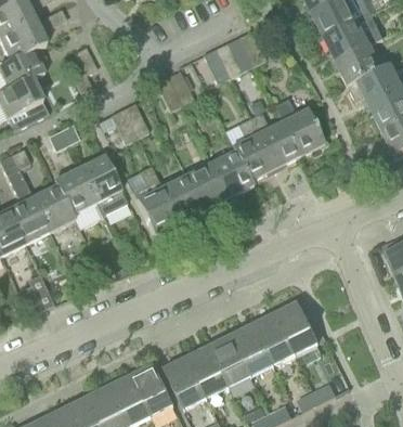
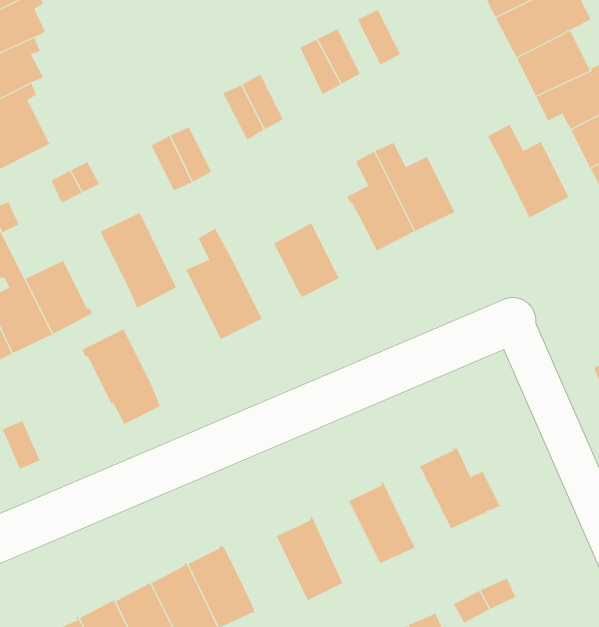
building: [272,98,323,156] -> [487,124,569,218]
building: [209,151,252,197] -> none
building: [52,168,102,228] -> [82,329,162,425]
building: [161,176,203,222] -> none
building: [254,312,296,365] -> none
building: [210,334,251,387] -> none
building: [164,355,207,409] -> none

